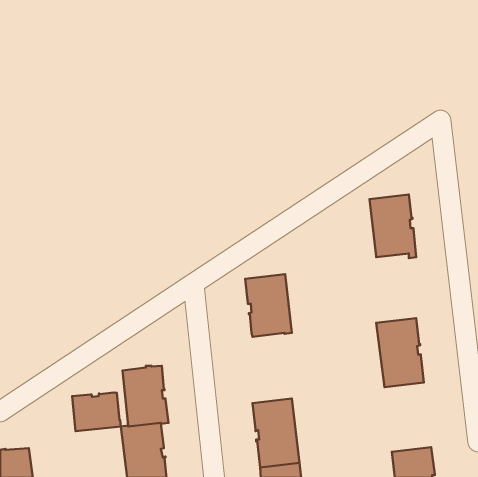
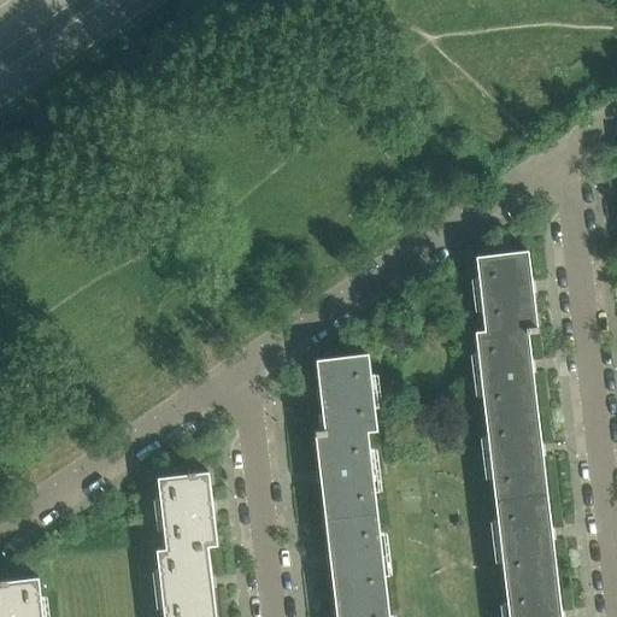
building: none -> [475,328,536,417]
building: none -> [315,430,376,521]
building: none -> [495,494,556,583]
building: [72,393,121,431] -> none

